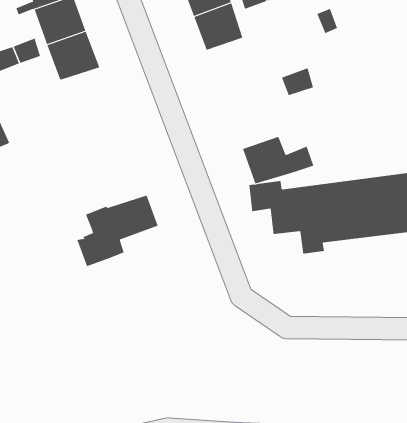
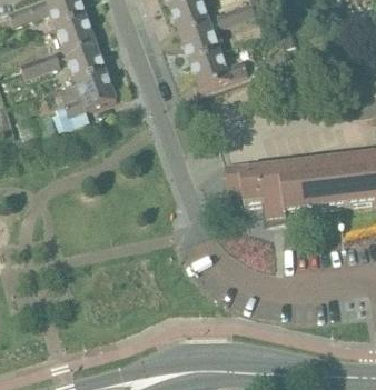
building: [242,136,314,184] -> [190,50,247,88]
building: [77,195,159,267] -> [51,73,116,130]

